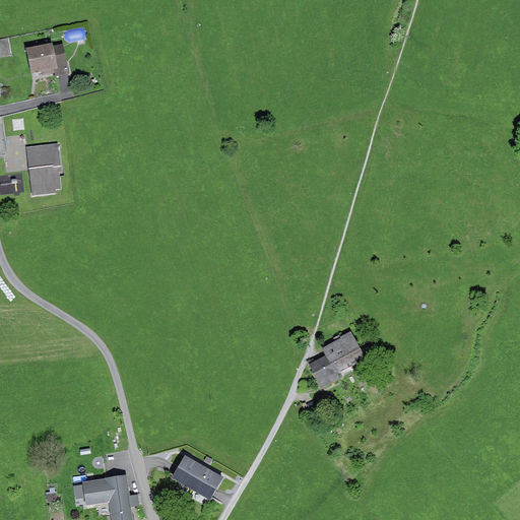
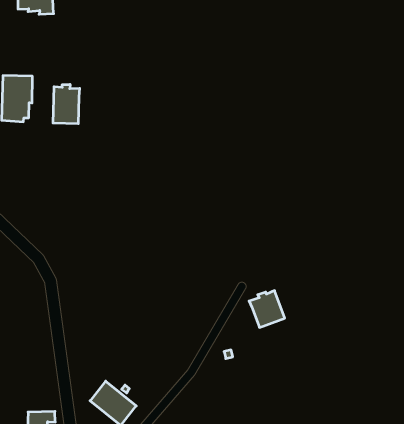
building: none -> [53,84,80,124]
building: [307,351,339,388] -> none
building: [82,475,136,503] -> none

